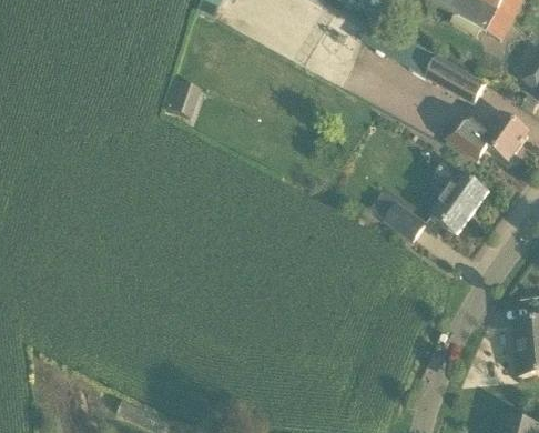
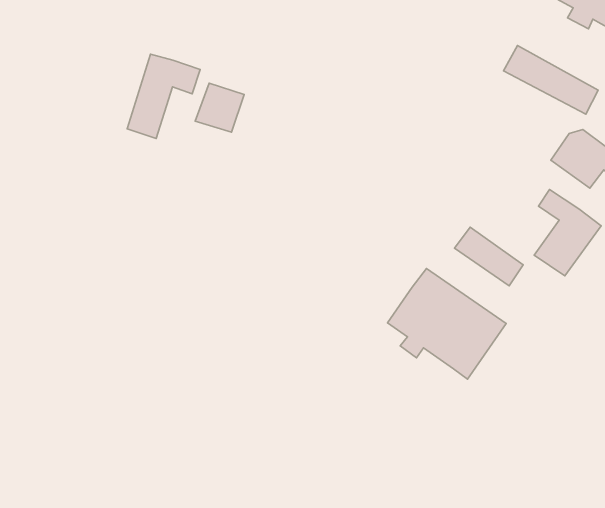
building: none -> [127,54,200,139]
building: none -> [388,268,506,379]

